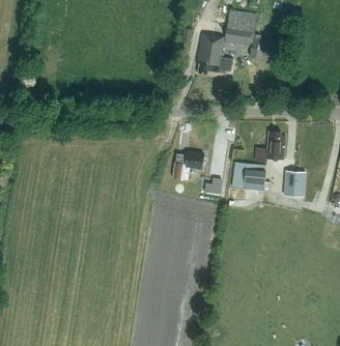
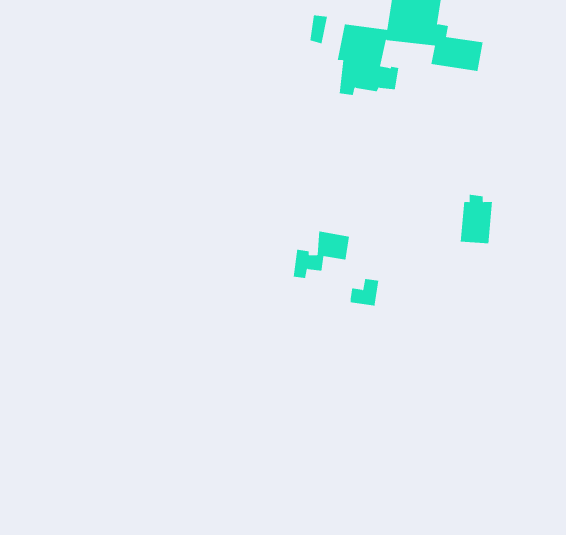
building: [232,162,266,190] -> none
building: [283,171,306,197] -> none

